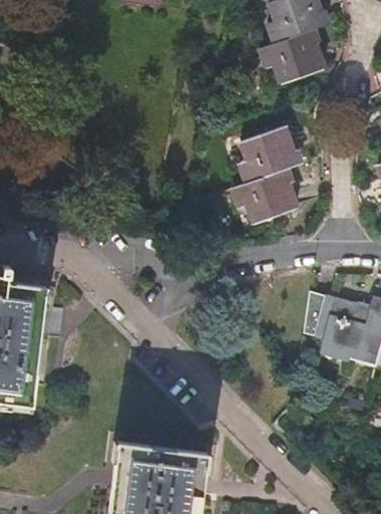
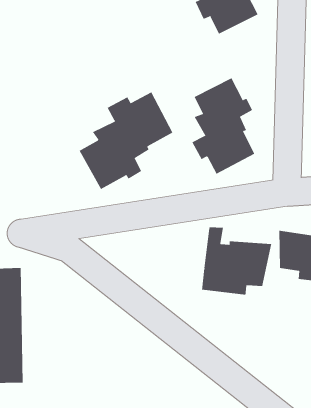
building: none -> [79,92,173,190]
building: none -> [201,227,272,295]

